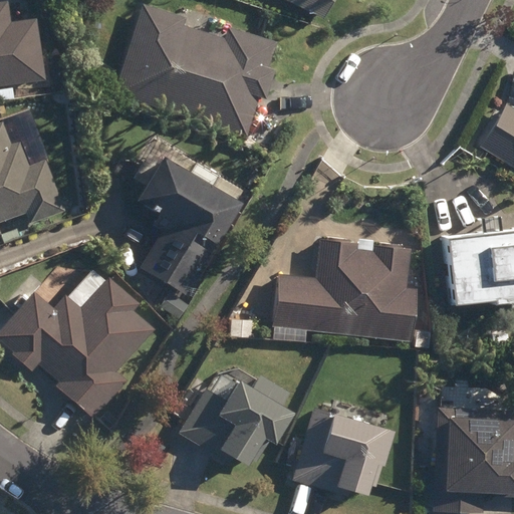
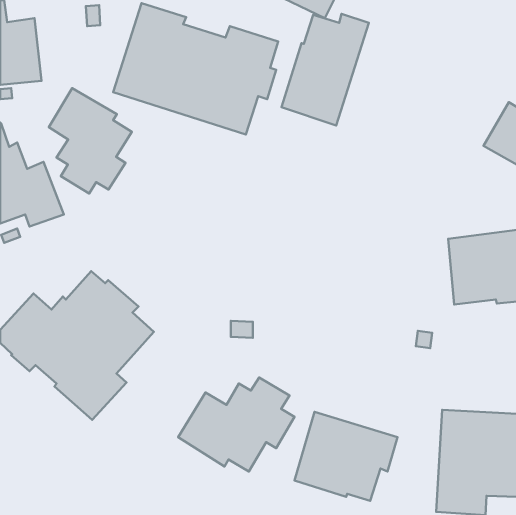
building: none -> [281,14,369,125]
building: none -> [49,88,132,194]
building: [137,157,242,294] -> none
building: [269,237,416,337] -> none

